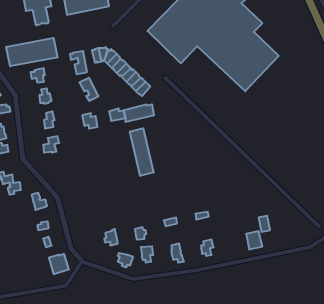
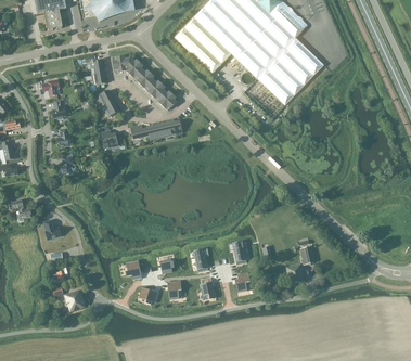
building: [6,38,58,66] -> none
building: [130,128,154,176] -> none

